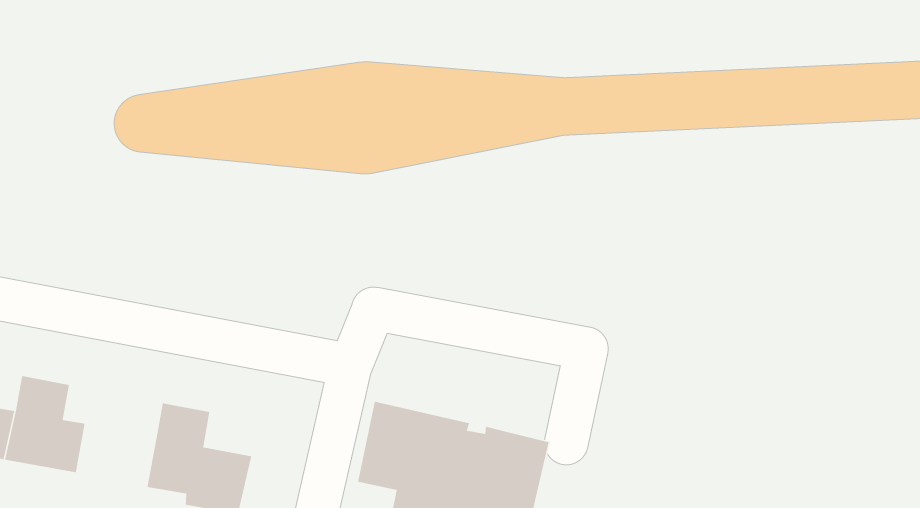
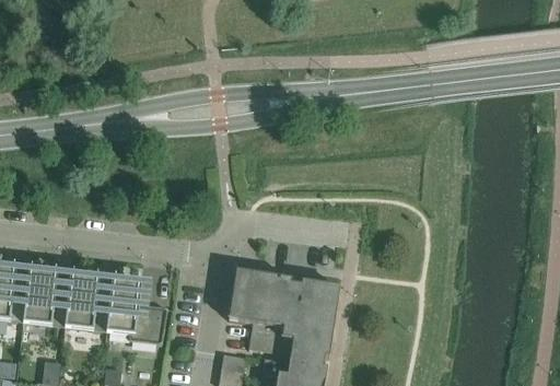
building: none -> [66,273,110,329]

